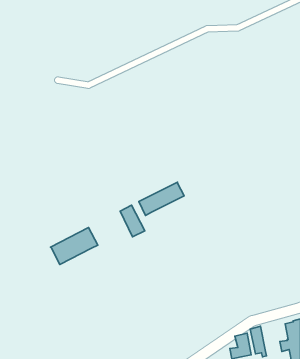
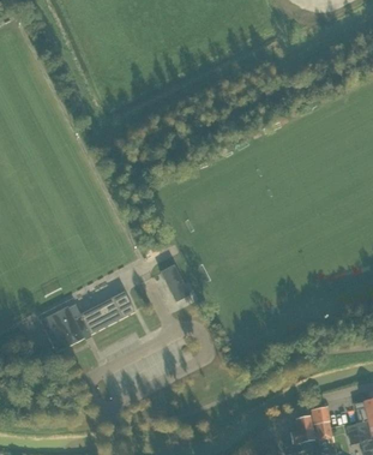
building: [139,182,184,215] -> none
building: none -> [40,305,90,352]

